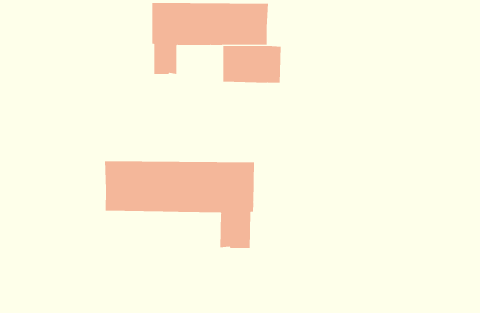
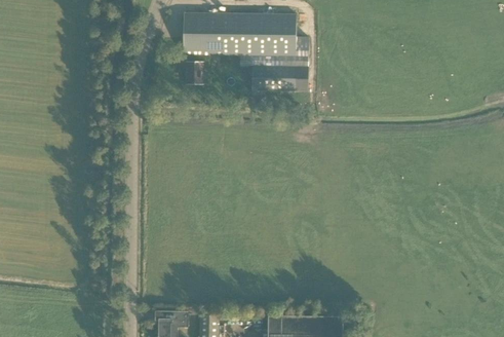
building: [105,160,255,249] -> none

